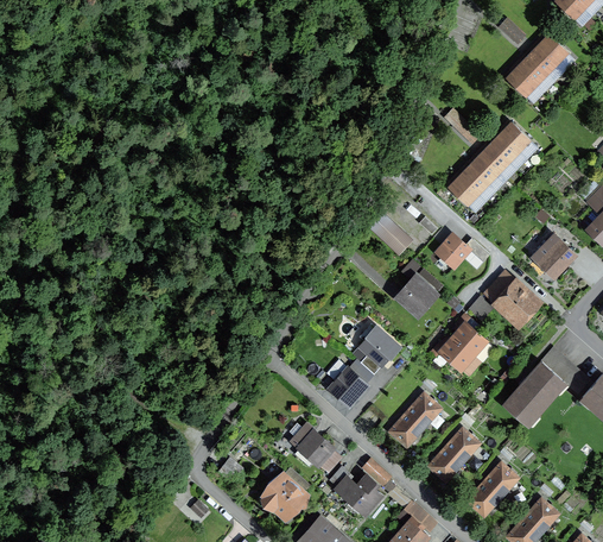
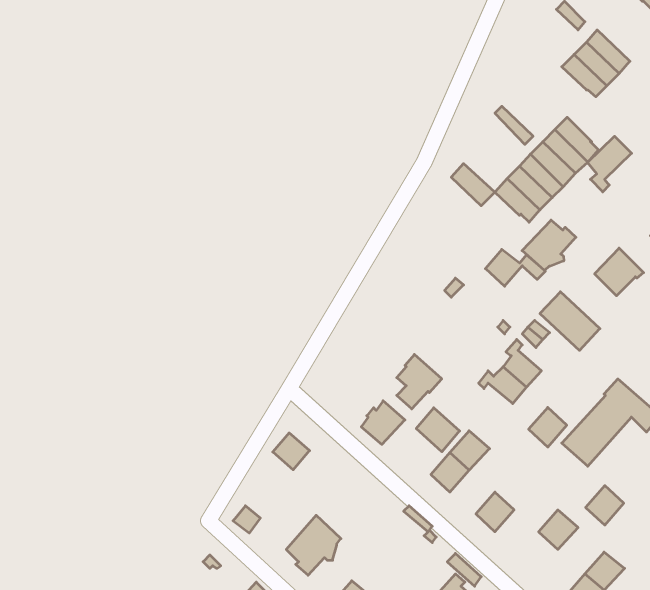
building: [534,32,573,71] -> none
building: none -> [588,136,632,192]
building: none -> [522,220,576,271]
building: [372,215,410,252] -> [451,164,495,206]
building: [398,278,434,314] -> none
building: none -> [416,408,460,452]
building: [445,428,478,462] -> [529,407,567,447]
building: [299,431,331,464] -> [273,433,310,470]
building: [332,477,379,513] -> none
building: [466,481,500,516] -> [586,486,624,525]

